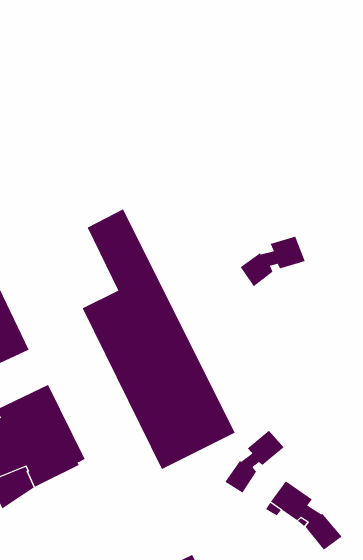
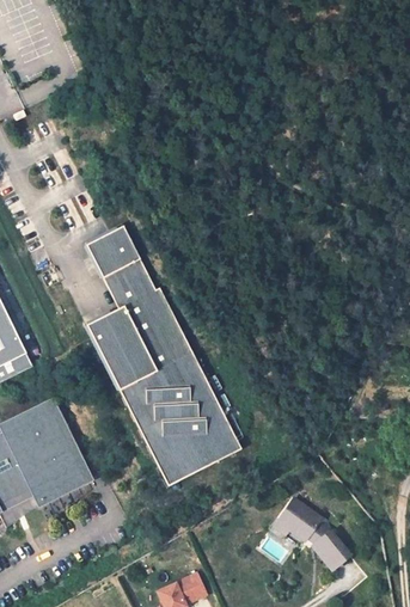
building: [240,236,306,287] -> none
building: [225,430,285,493] -> none

